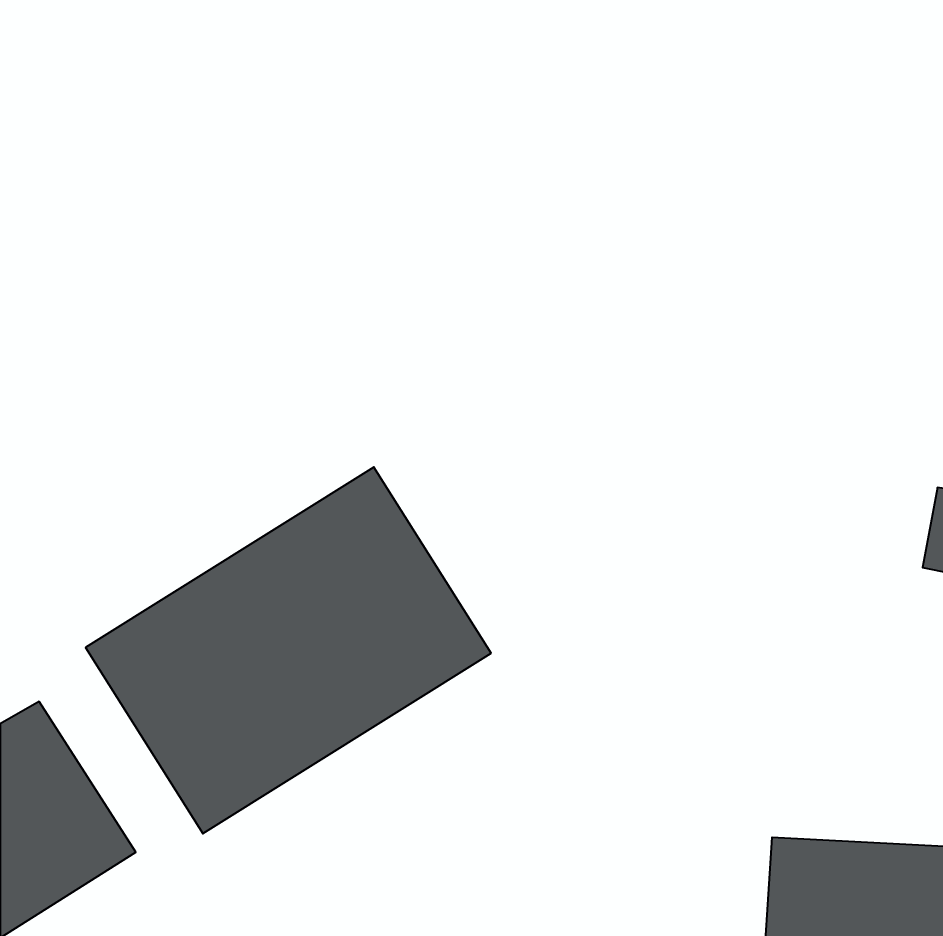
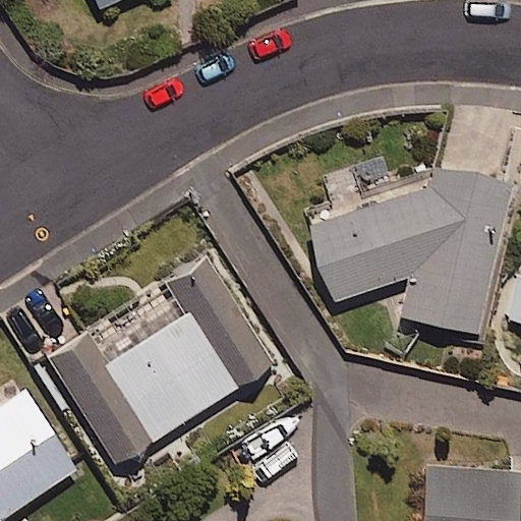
building: none -> [308,164,512,333]

